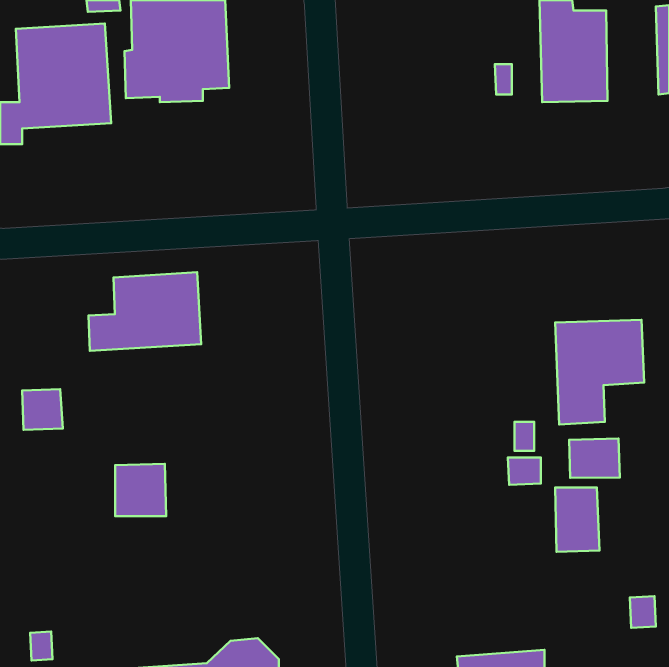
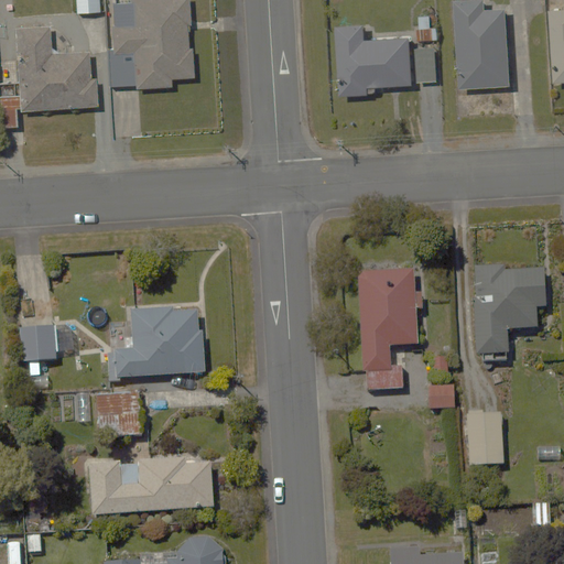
building: none -> [336,28,405,94]
building: [88,272,201,351] -> [110,308,205,375]
building: none -> [356,271,422,373]
building: [569,438,620,478] -> none
building: none -> [87,459,219,514]

